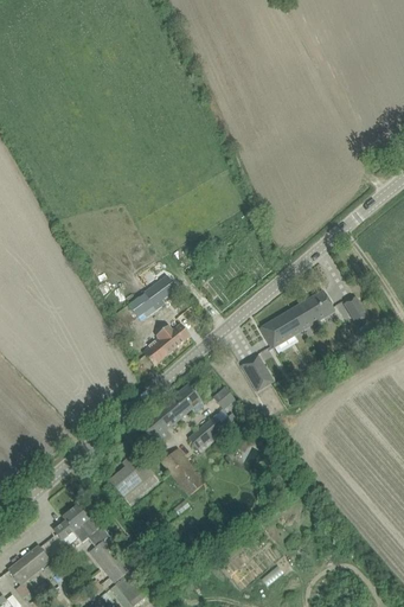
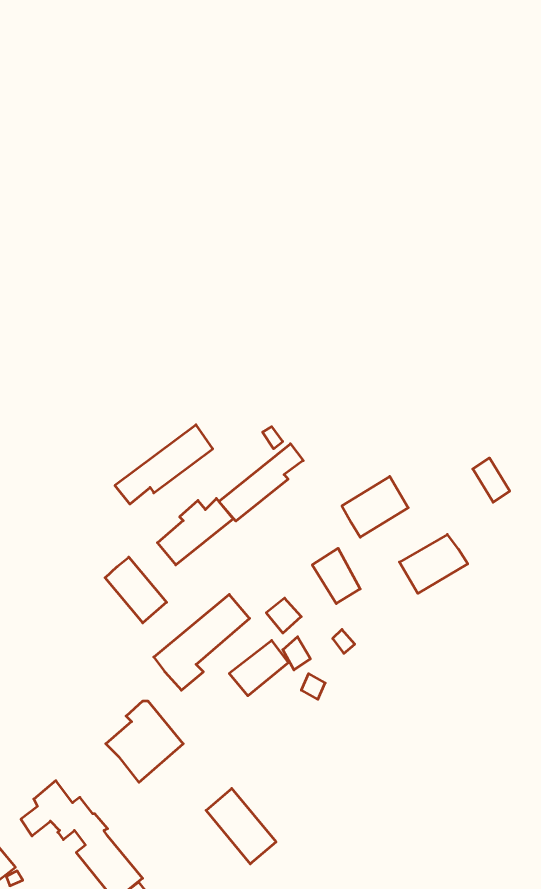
building: none -> [219,444,303,521]
building: [290,290,334,328] -> [399,534,468,593]
building: none -> [105,557,167,623]
building: [160,447,205,496] -> [206,788,276,864]

